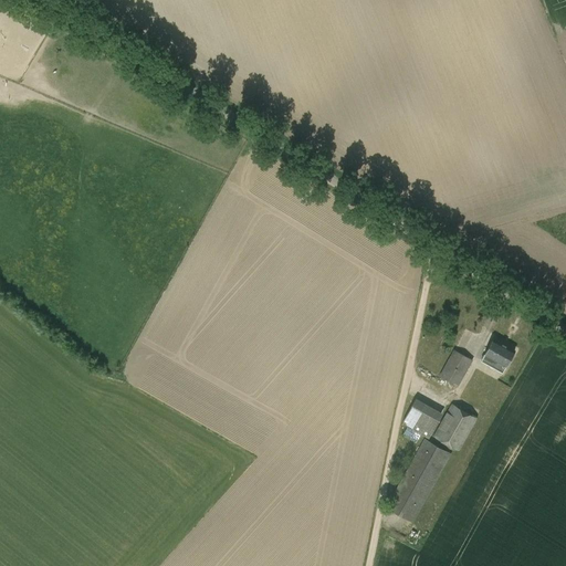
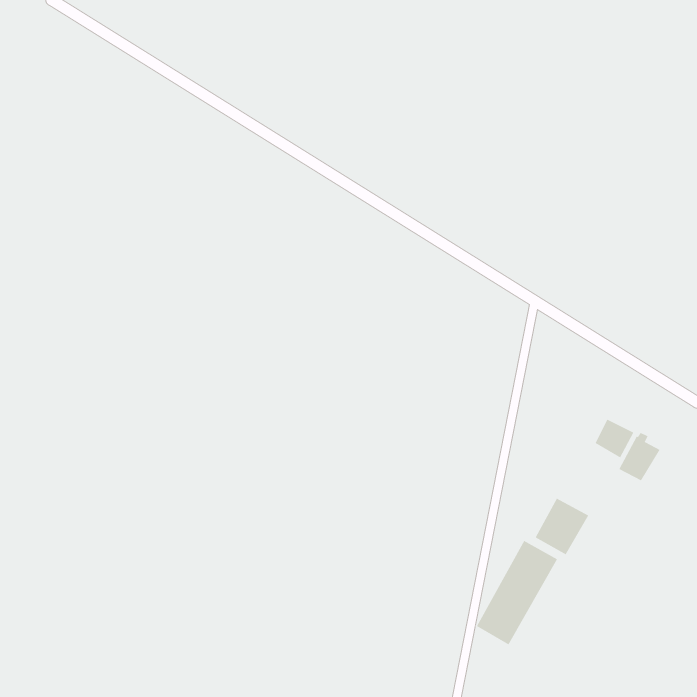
building: [439,346,473,386] -> [618,432,661,481]
building: [401,398,443,439] -> none

